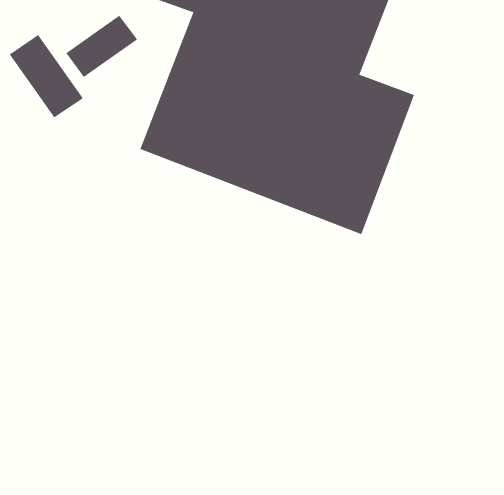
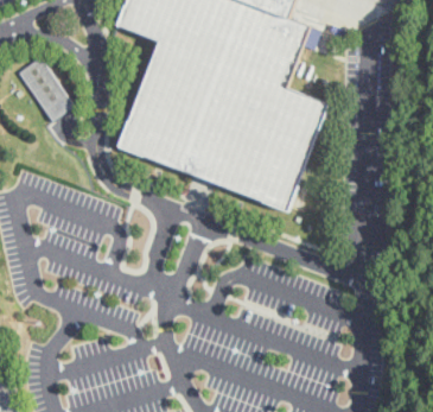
building: [66,15,138,78] -> none

